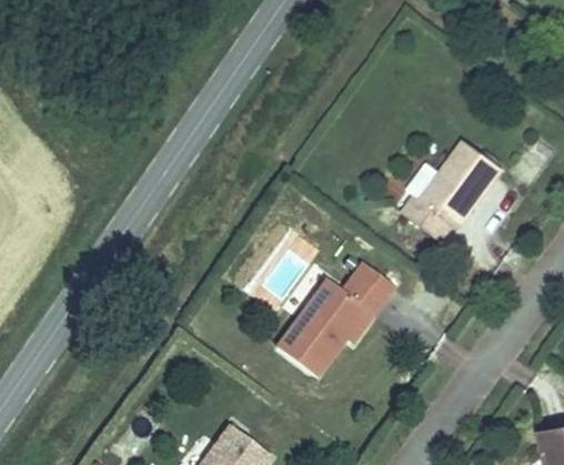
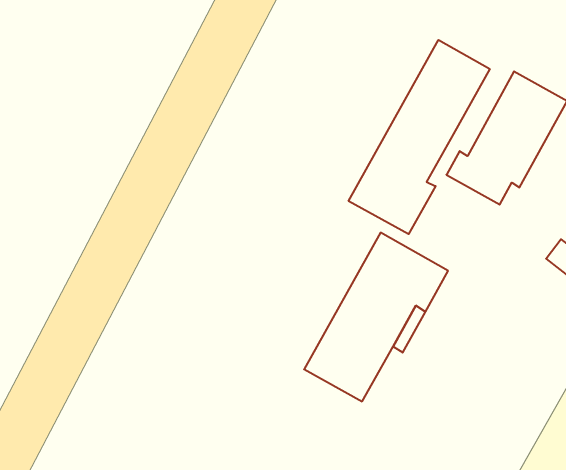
building: none -> [349,40,490,234]

